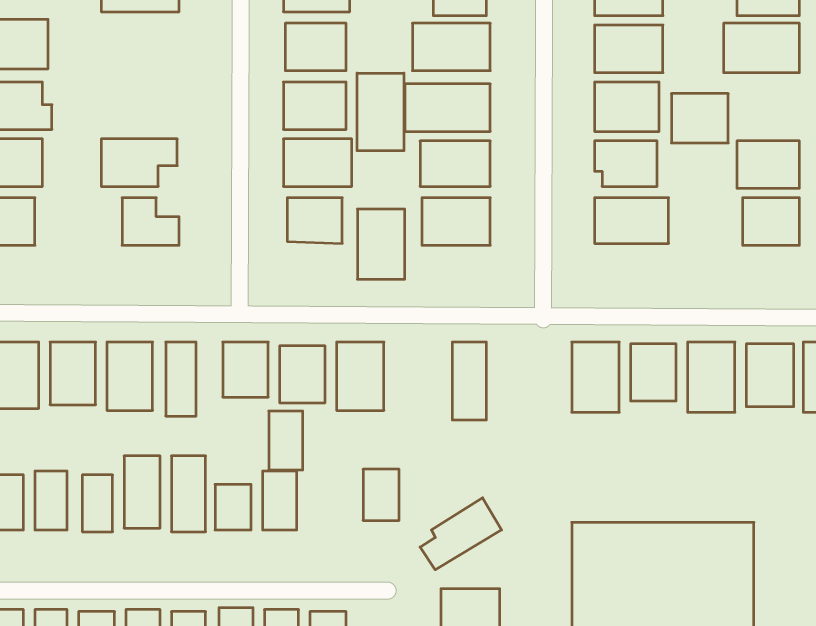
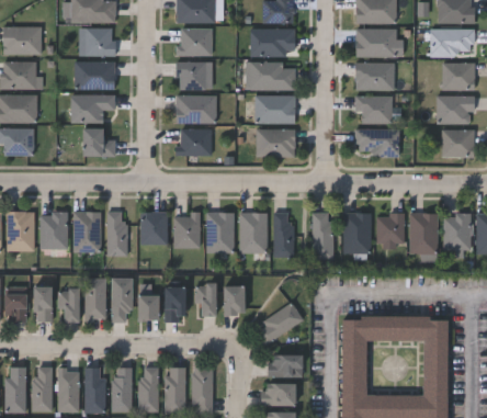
building: none -> [86,29,116,56]
building: [357,73,404,151] -> none
building: none -> [75,61,115,90]
building: [671,94,728,143] -> [442,63,475,91]
building: [357,209,405,279] -> [240,213,268,253]
building: none -> [313,213,333,260]
building: [269,411,303,470] -> [196,283,216,317]

